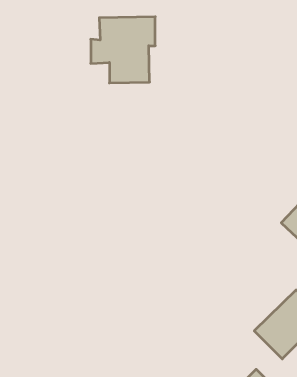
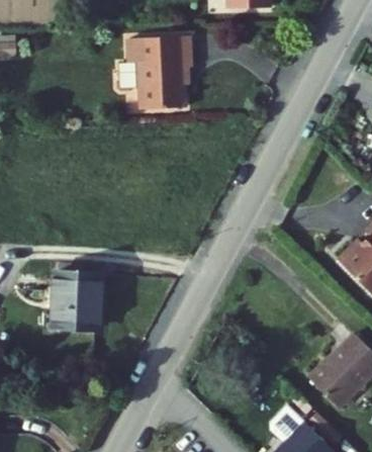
building: none -> [62,266,109,323]

